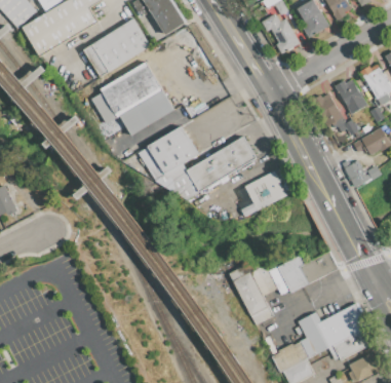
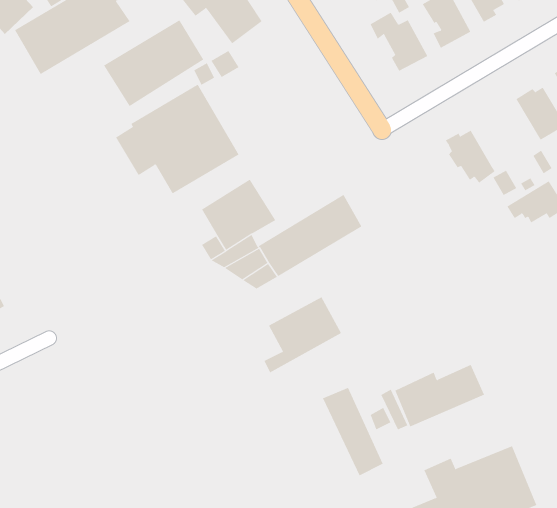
building: [335,79,368,115] -> none
building: [345,160,382,188] -> none
building: [242,166,295,218] -> [264,296,342,373]

